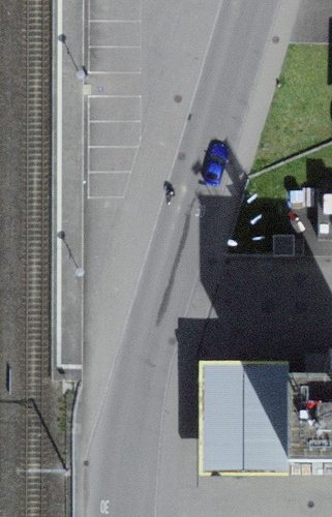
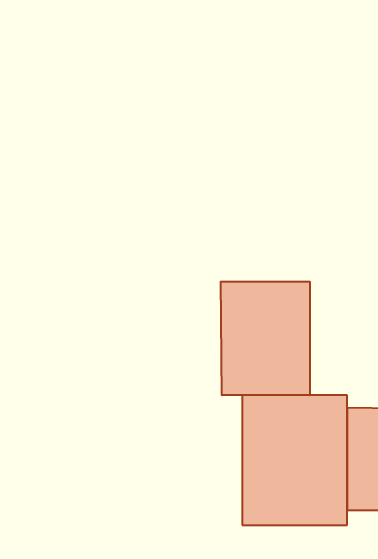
building: none -> [221,282,310,395]

